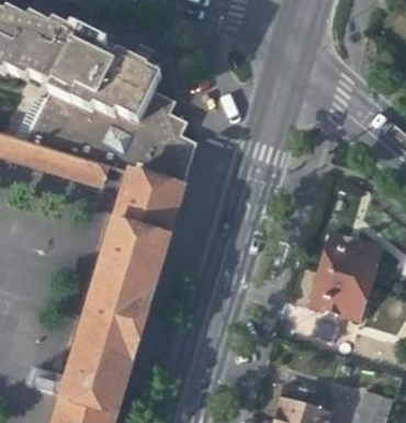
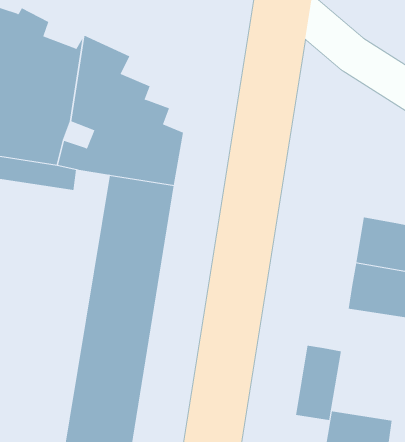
building: none -> [296,345,342,421]

